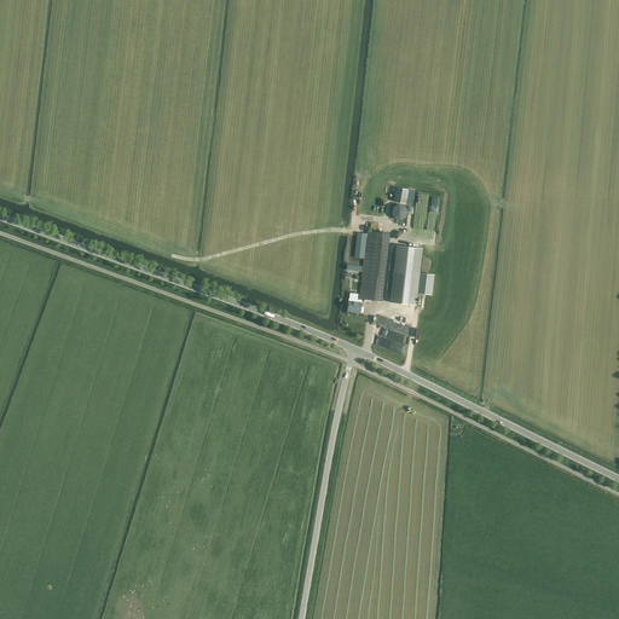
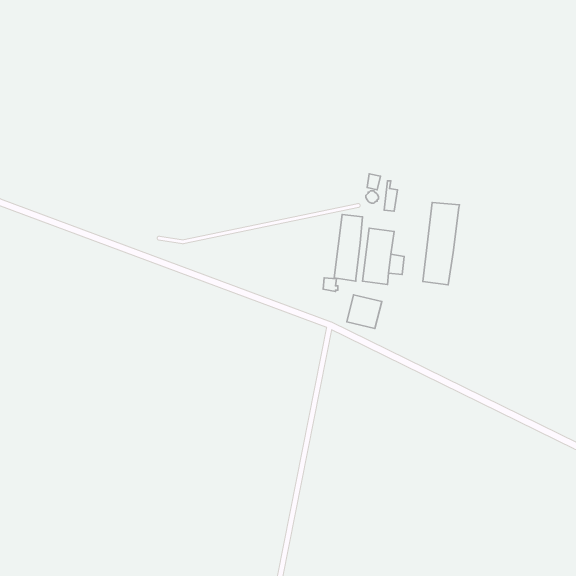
building: none -> [423,202,459,285]

